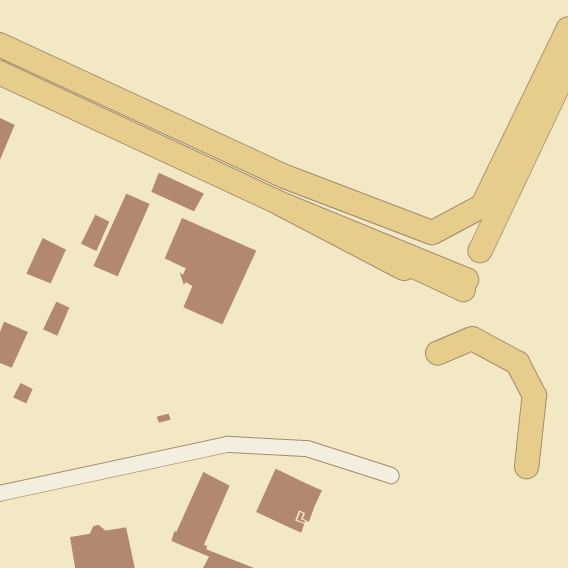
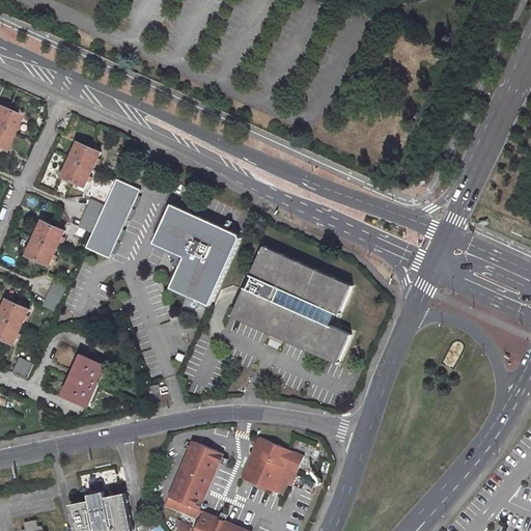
building: none -> [59,144,96,188]
building: [151,172,205,212] -> none
building: none -> [232,246,352,362]
building: none -> [63,350,110,404]

